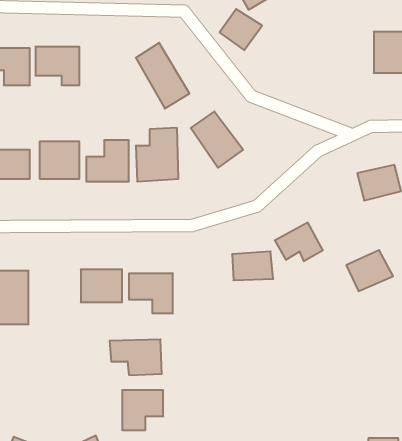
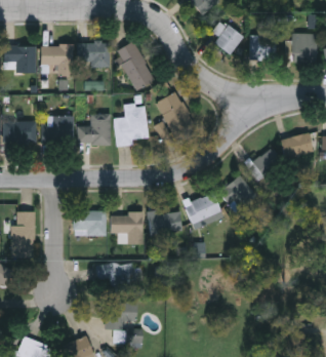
building: [220,9,262,50] -> [211,24,243,54]
building: none -> [250,35,276,61]
building: none -> [78,41,110,69]
building: [346,250,393,291] -> [246,149,281,180]
building: none -> [149,211,180,232]

